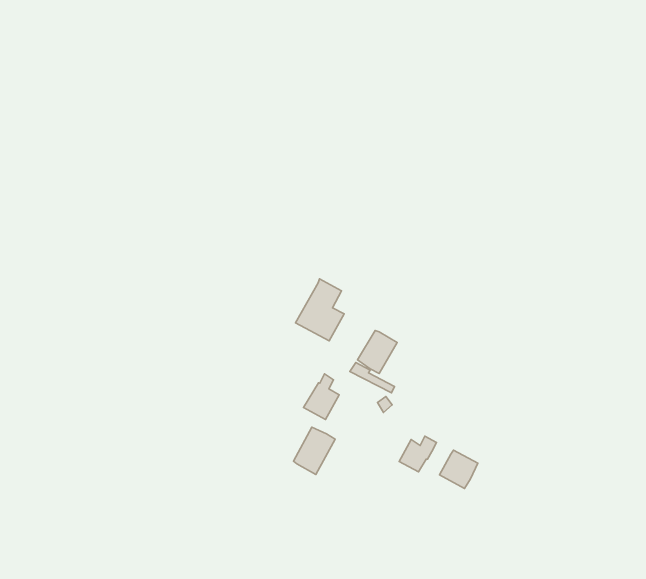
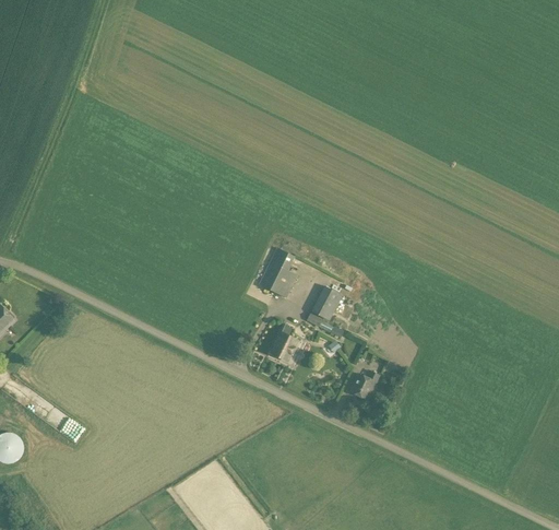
building: [294,427,335,474] -> none
building: [439,450,478,488] -> none

